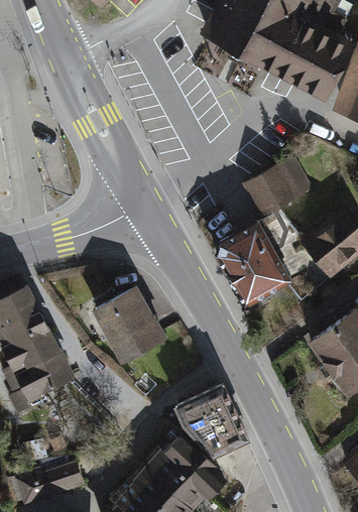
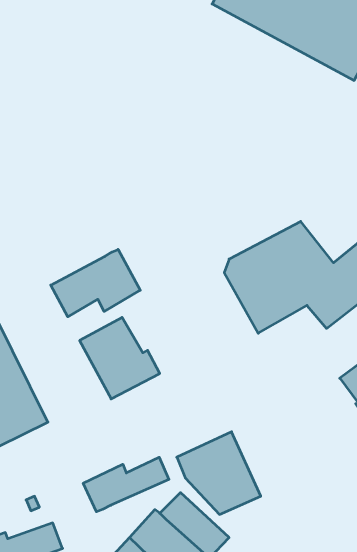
building: [249,161,308,214] -> none
building: none -> [51,249,140,317]
building: none -> [83,457,169,512]

